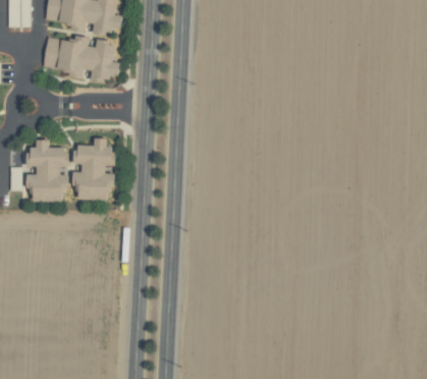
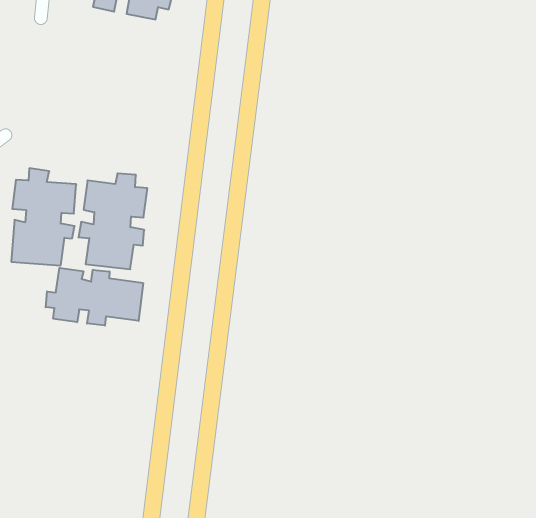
building: [42,36,119,80] -> none
building: none -> [46,268,143,326]

